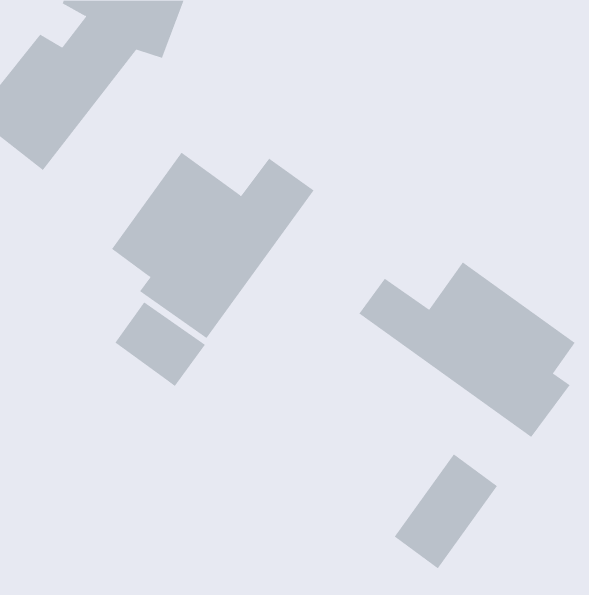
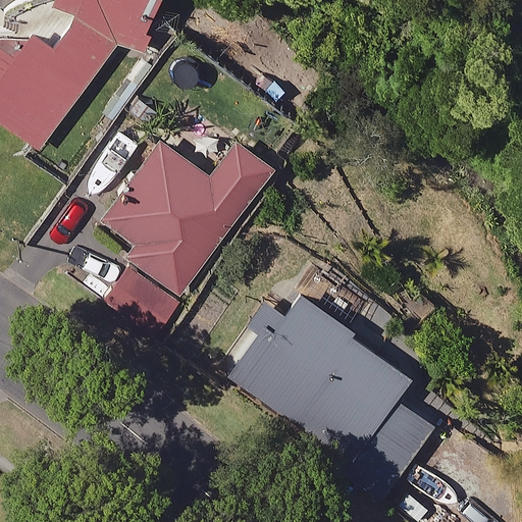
building: [359,261,576,438] -> none
building: none -> [224,291,406,459]

